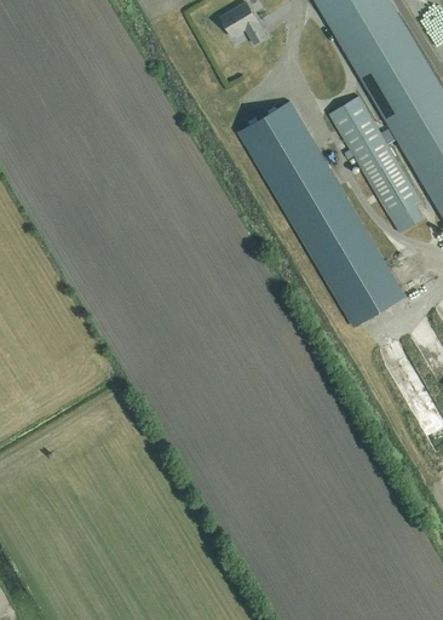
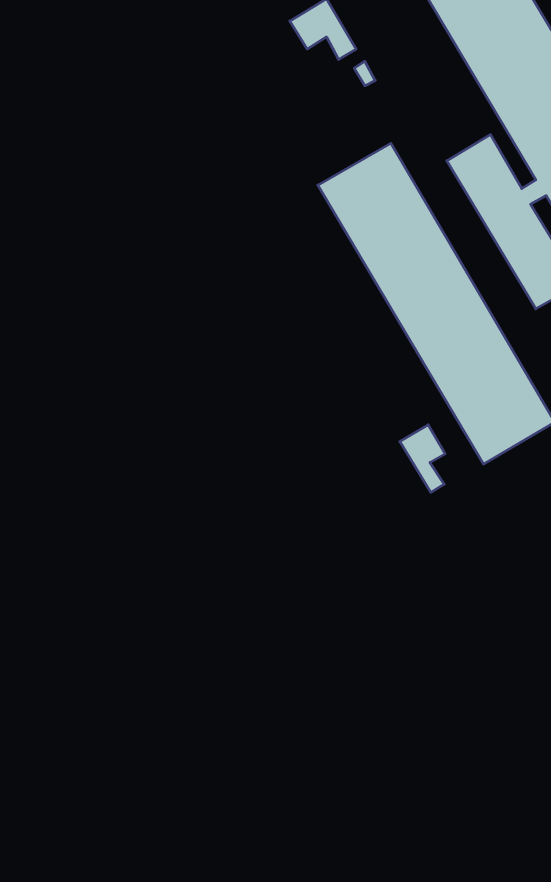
building: none -> [400,425,445,492]

